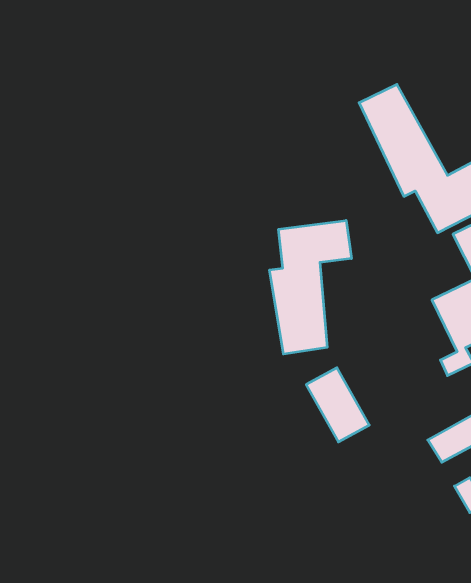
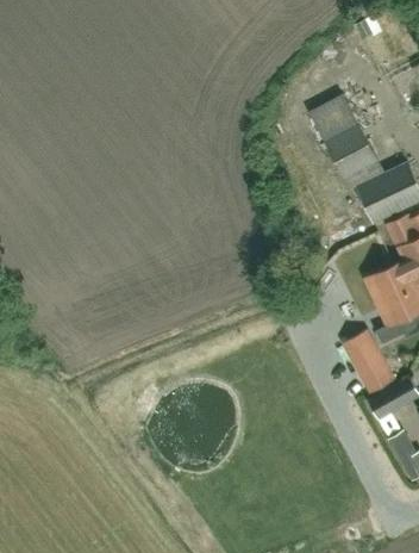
building: [270,220,351,354] -> none
building: [306,368,369,442] -> [342,330,395,393]

